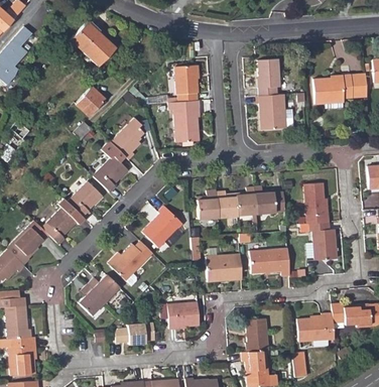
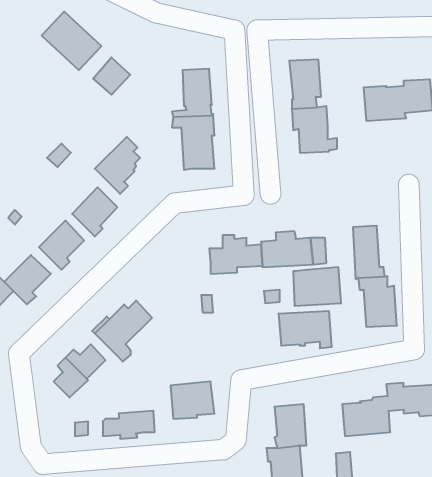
building: [77,87,105,115] -> [93,57,130,95]
building: [142,206,182,248] -> none
building: [206,253,242,282] -> [293,267,341,306]

